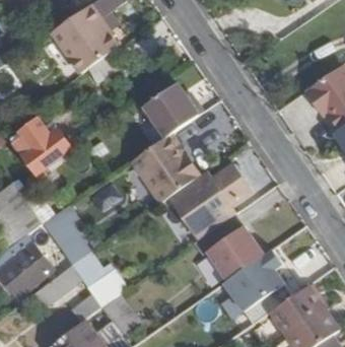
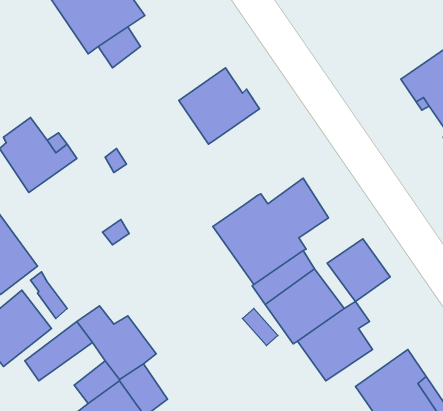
building: [133,134,200,201] -> none
building: none -> [327,239,390,302]
building: [49,223,88,265] -> none

